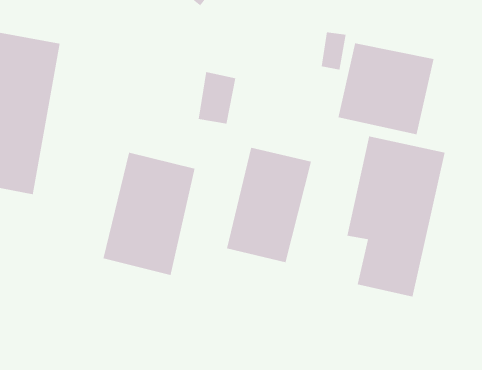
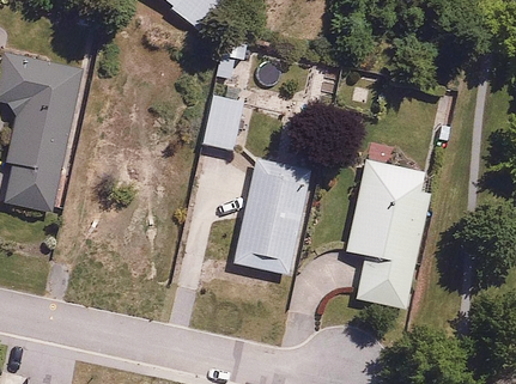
building: [338,43,434,135] -> none
building: [103,152,195,276] -> none

